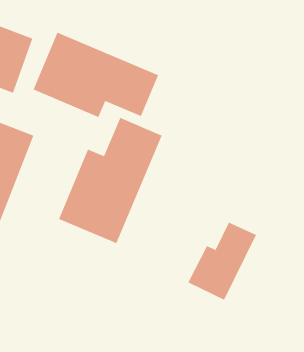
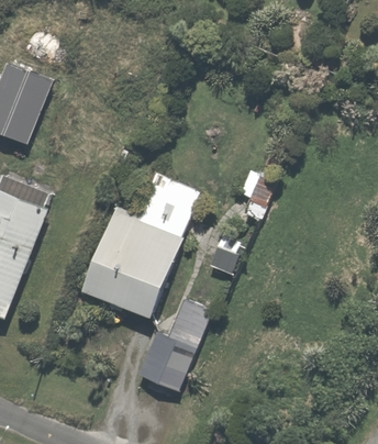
building: [33,32,159,118] -> none
building: [188,222,257,301] -> [134,300,214,391]

